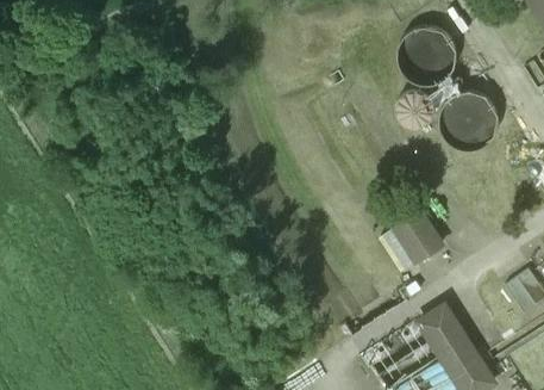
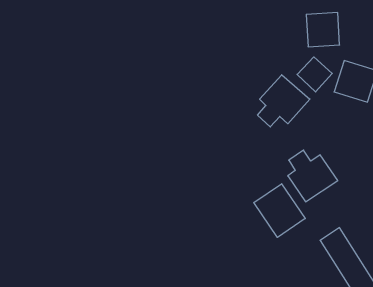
building: none -> [258,75,310,127]
building: none -> [254,184,305,237]

